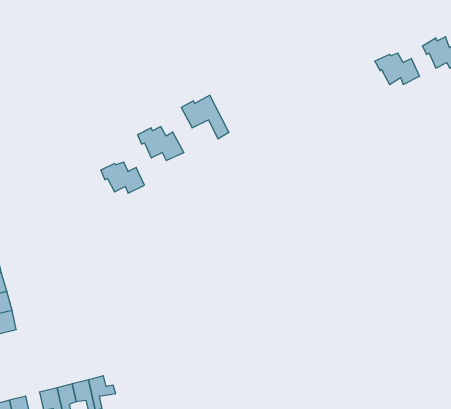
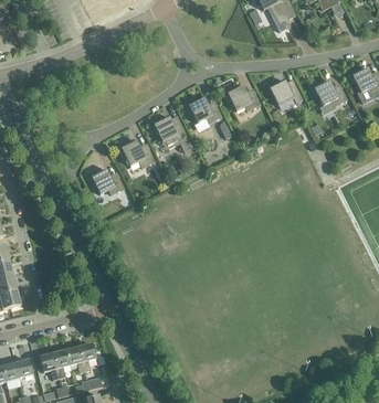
building: none -> [269,79,303,106]
building: none -> [224,86,261,112]
building: none -> [186,98,222,125]

